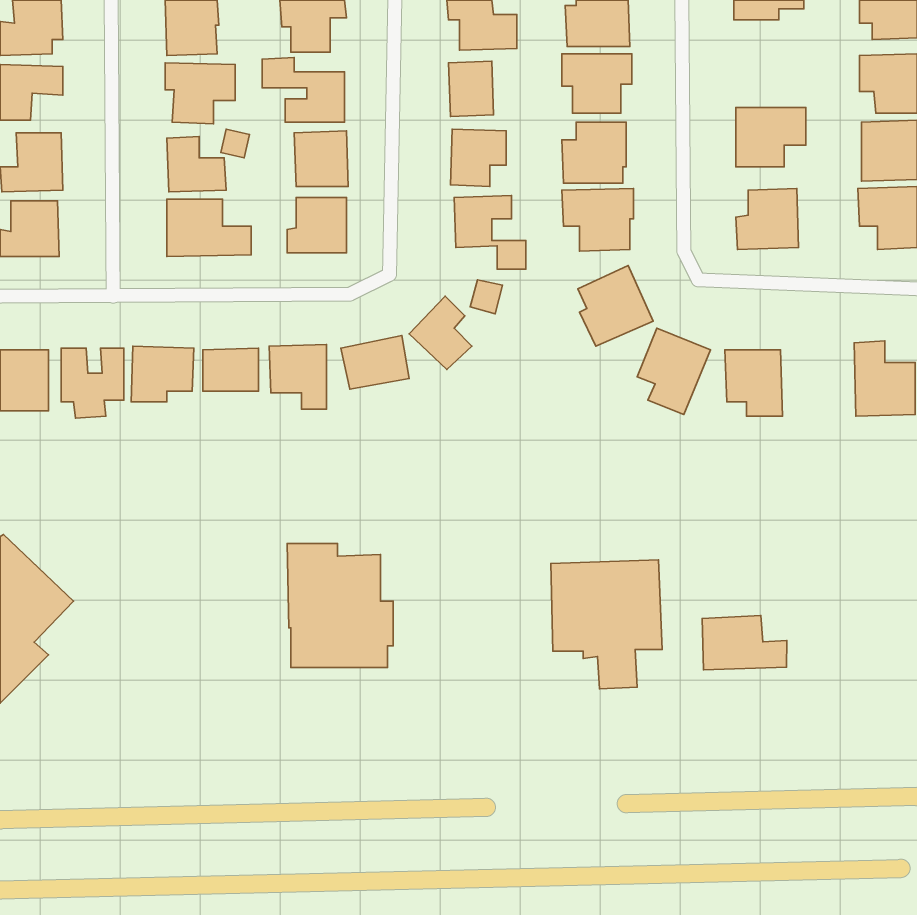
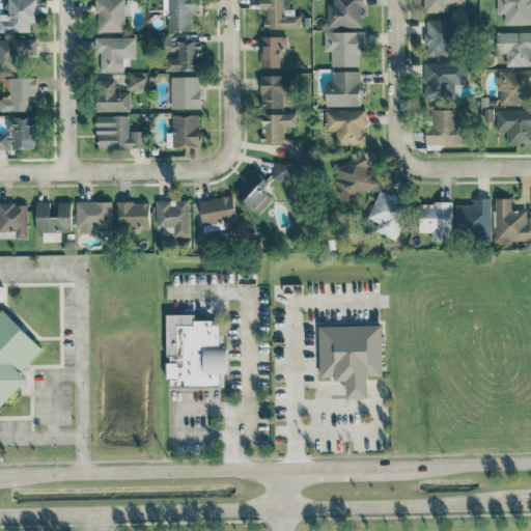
building: none -> [425,20,454,55]
building: none -> [456,199,493,235]
building: [702,615,787,670] -> none

